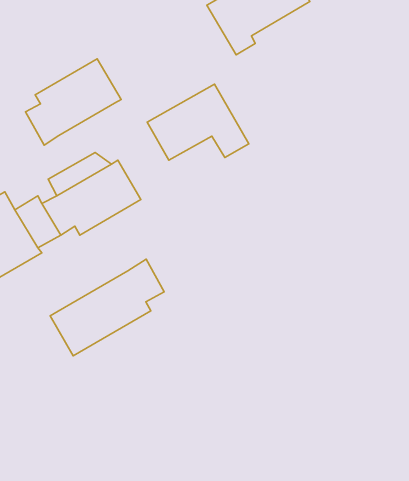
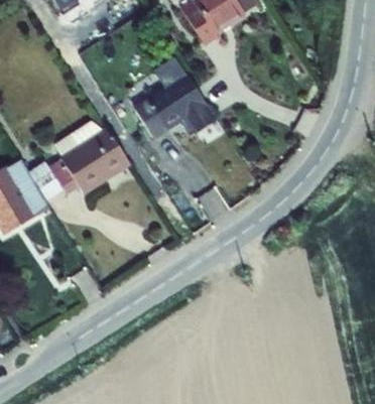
building: [25,59,121,145] -> none
building: [50,259,164,356] -> none

